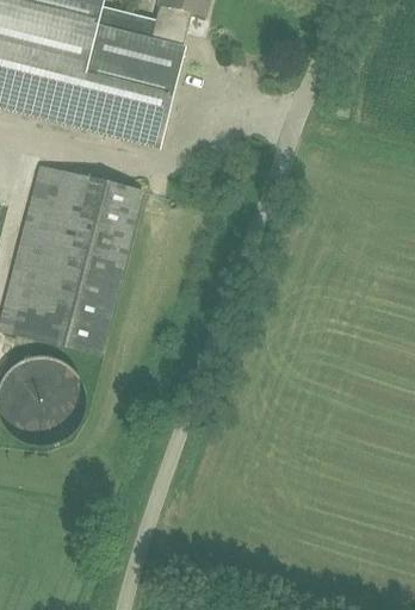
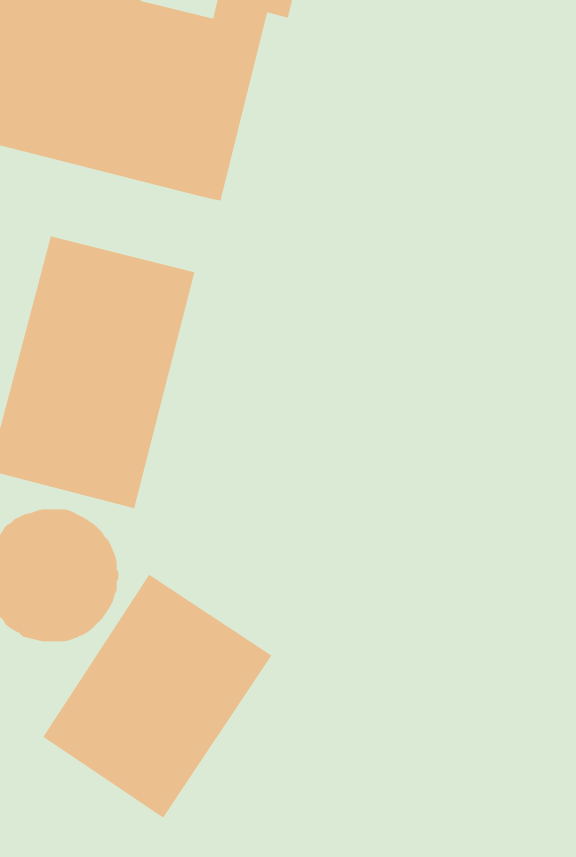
building: none -> [43,574,272,818]

